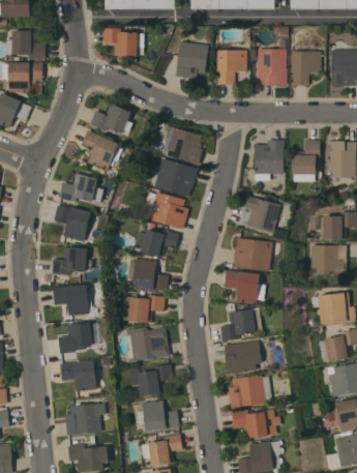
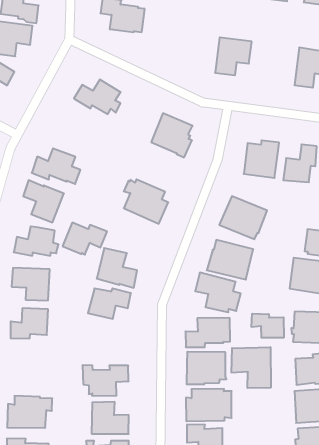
building: [175,41,208,79] -> none
building: [258,49,287,86] -> none
building: [81,130,123,171] -> none
building: [153,158,198,197] -> none
building: [140,230,179,258] -> [63,223,107,255]
building: none -> [252,314,284,338]
building: [125,327,169,361] -> none
building: none -> [232,347,271,388]
building: [60,360,96,391] -> none

